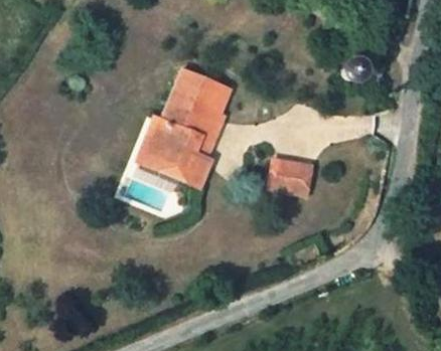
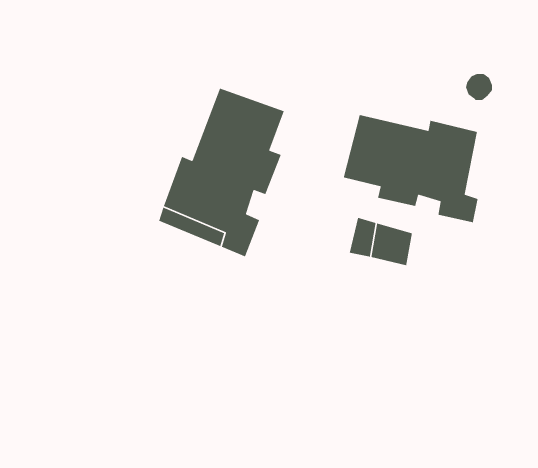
building: none -> [343,114,479,223]

